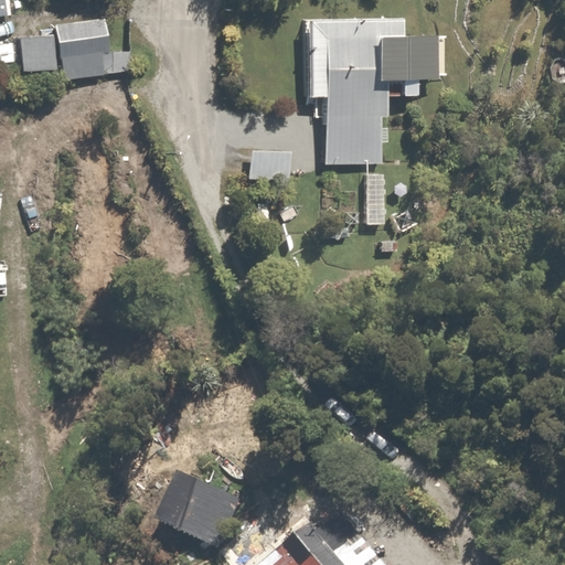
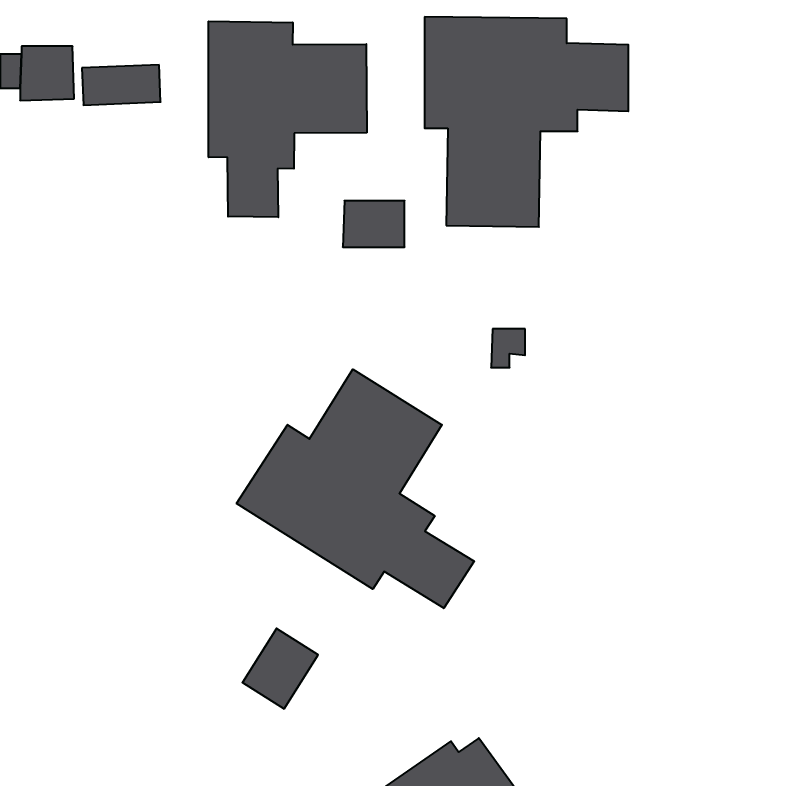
building: none -> [209,21,367,217]
building: none -> [237,369,474,608]

